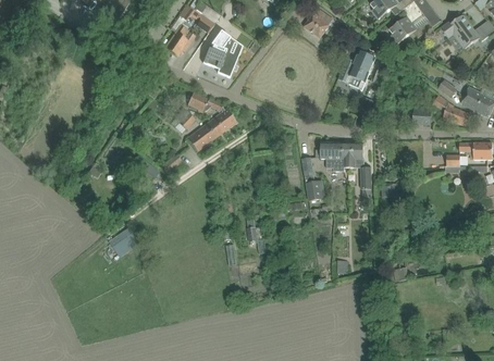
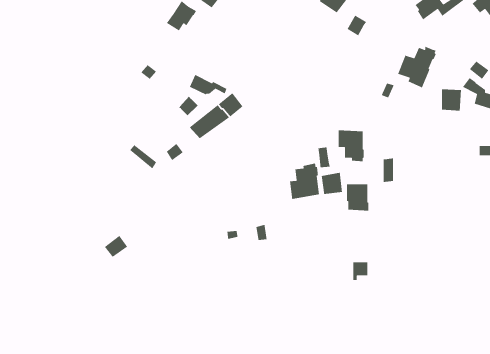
building: [202,29,238,76] -> none
building: [338,49,375,88] -> [396,45,437,89]
building: [344,141,365,166] -> [346,184,369,211]
building: none -> [289,162,320,200]

